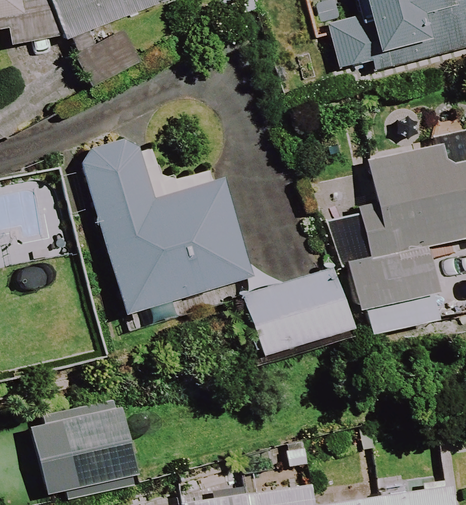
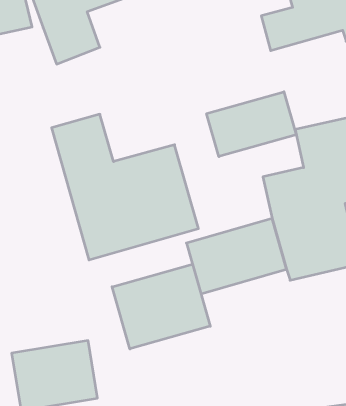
building: none -> [207,92,296,157]
building: none -> [112,264,210,349]

